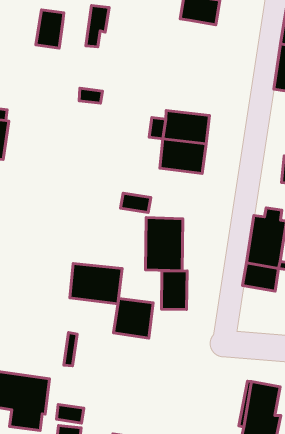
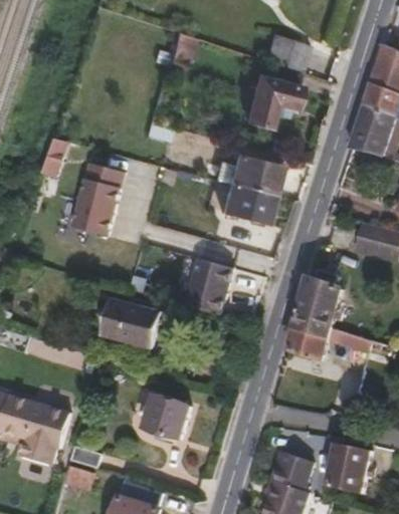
building: [36,10,64,48] -> none
building: none -> [243,62,300,124]
building: none -> [74,169,130,241]
building: [162,271,187,310] -> none
building: [113,298,153,338] -> [142,391,188,437]

